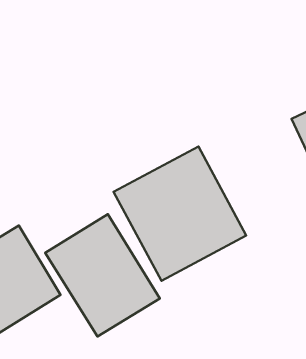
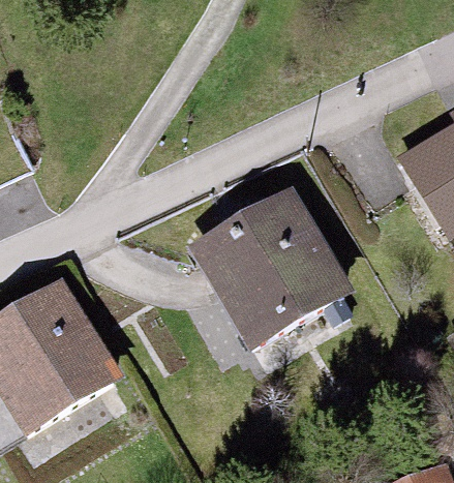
building: [45,214,160,337] -> none

